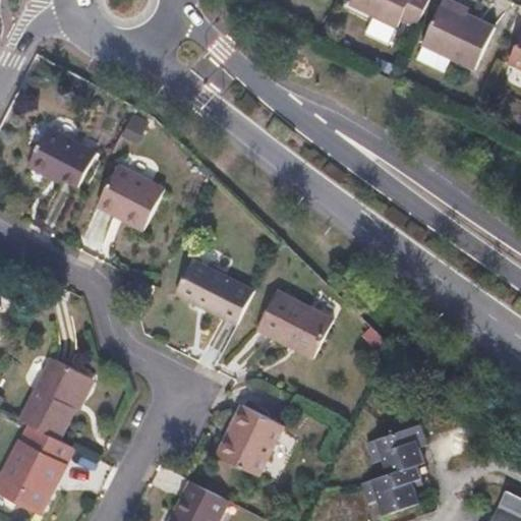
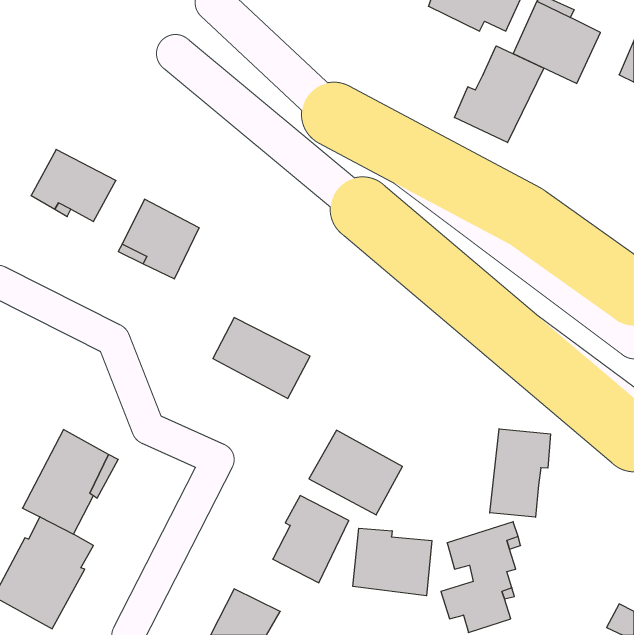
building: none -> [454,46,544,143]
building: [253,289,330,358] -> [309,430,402,515]
building: none -> [490,429,550,517]
building: none -> [353,528,432,596]

